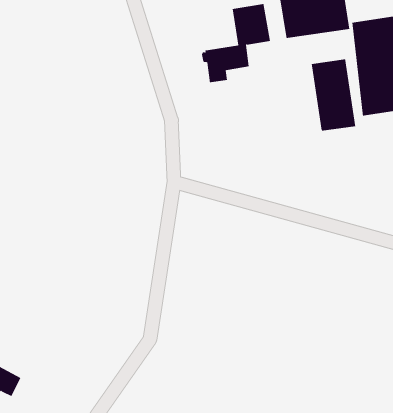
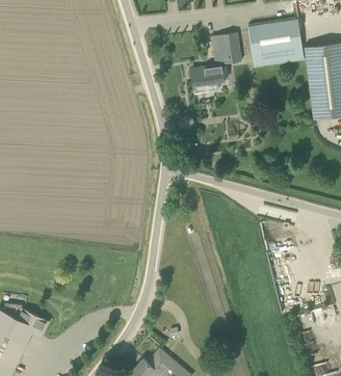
building: [311,59,356,132] -> none

